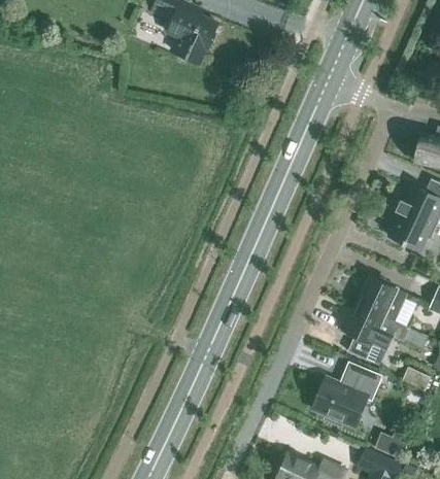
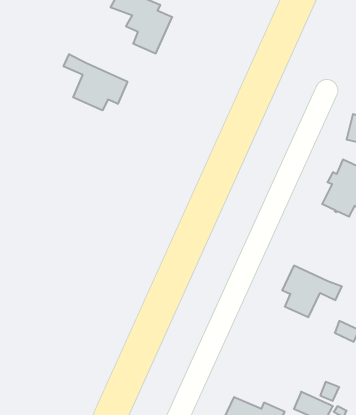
building: none -> [64,54,127,110]
building: [358,276,408,322] -> none
building: [312,361,380,423] -> none

